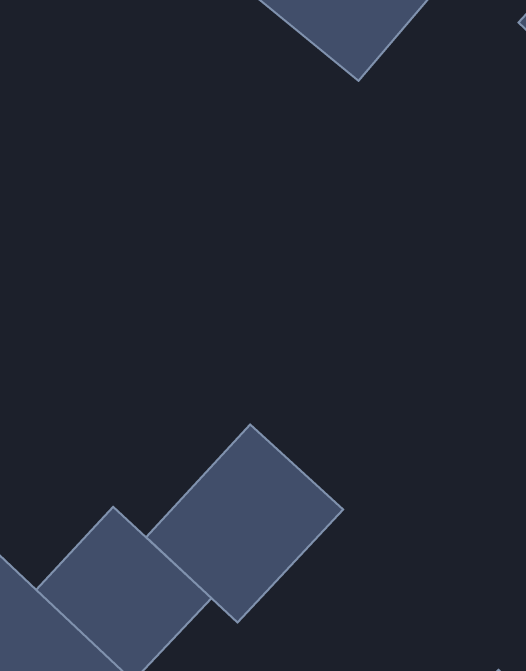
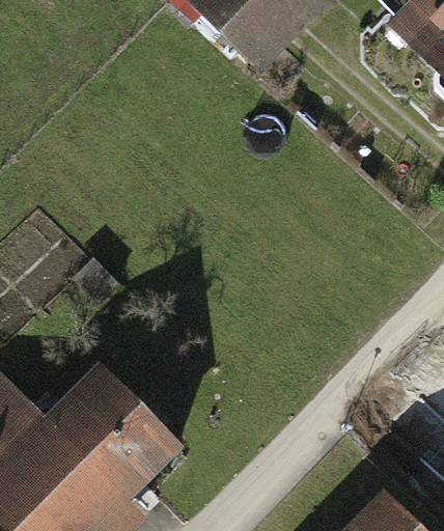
building: [146,424,343,622] -> none

